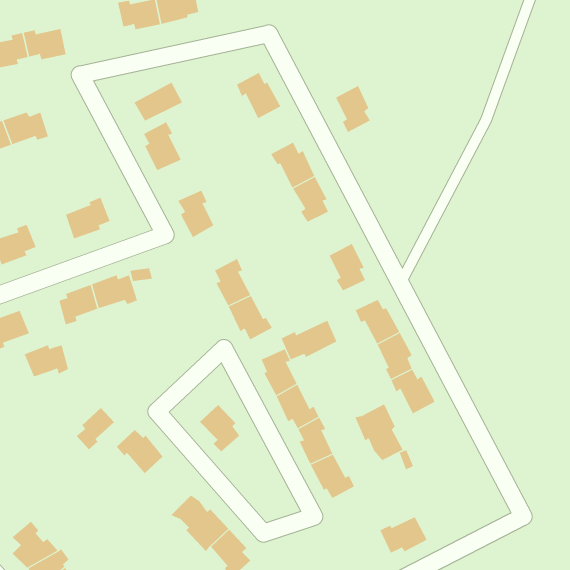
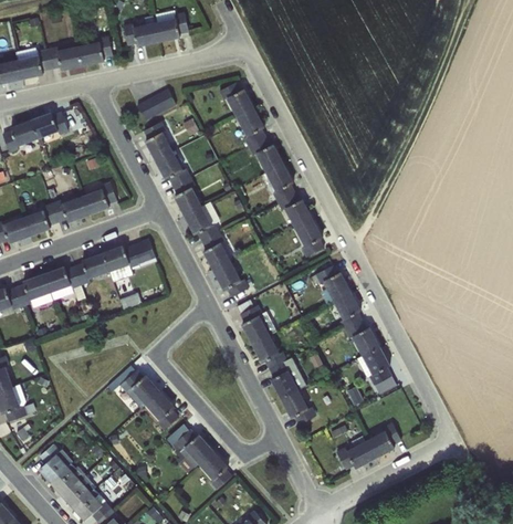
building: none -> [77,35,113,66]
building: [335,85,371,133] -> [237,108,265,147]
building: none -> [155,151,191,185]
building: none -> [276,193,313,229]
building: none -> [50,196,87,222]
building: none -> [184,205,220,241]
building: [281,320,337,360] -> none
building: [24,344,69,377] -> [44,265,81,292]
building: [354,403,404,461] -> [356,347,396,394]
building: [199,404,240,452] -> [145,391,178,430]
building: [76,407,115,450] -> none
building: none -> [364,422,400,459]

